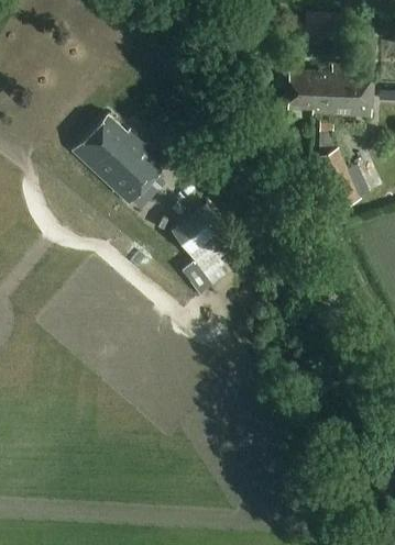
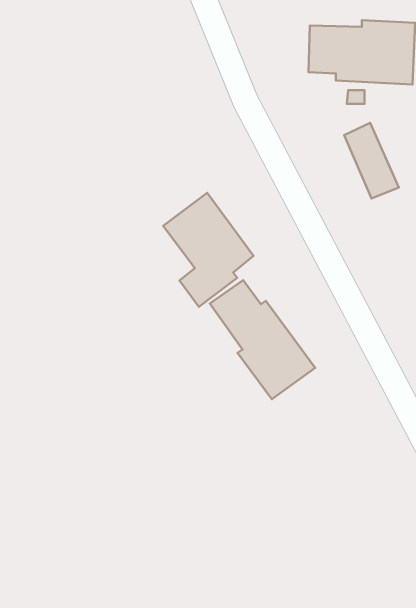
building: [75,114,169,203] -> none
building: none -> [210,280,315,399]

